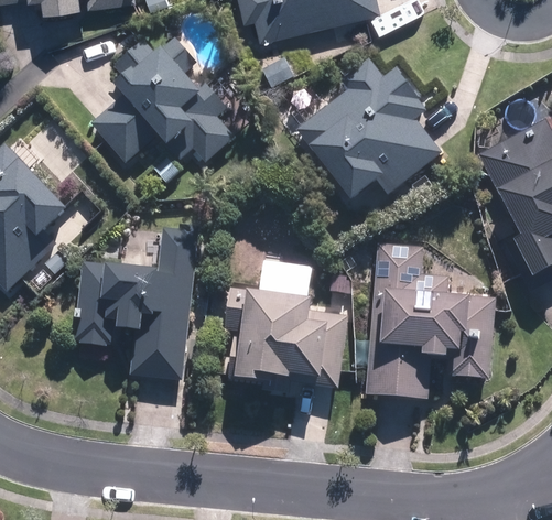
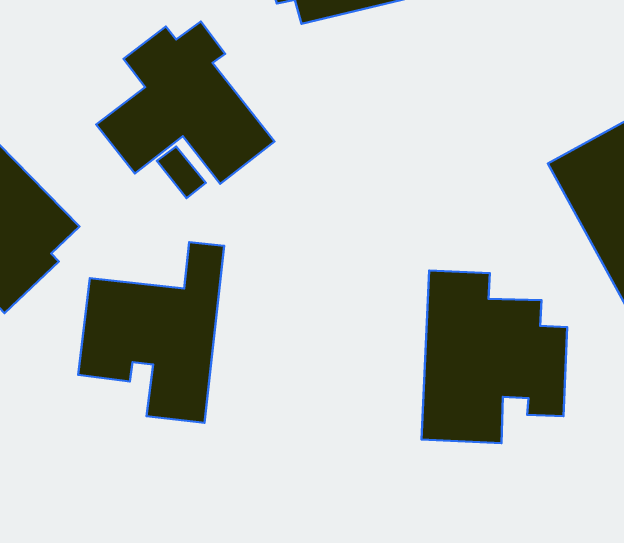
building: [293,54,444,203] -> none
building: [223,259,346,390] -> none

